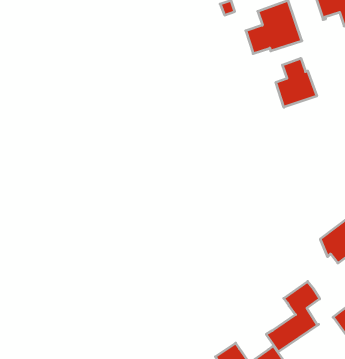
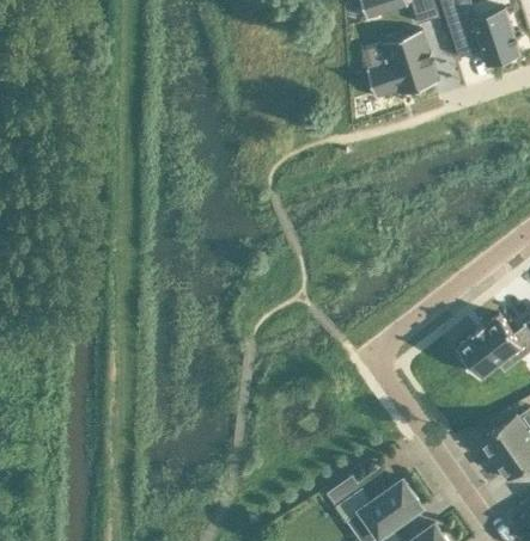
building: [276,58,317,107] -> none
building: [266,281,320,352] -> none

